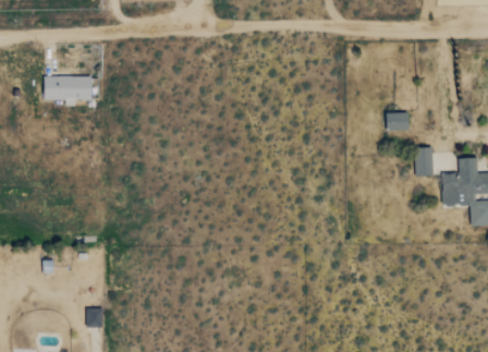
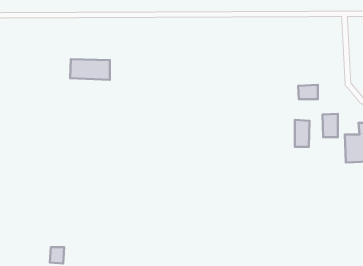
building: [44,75,91,100] -> [70,59,110,80]
building: none -> [295,120,310,147]

